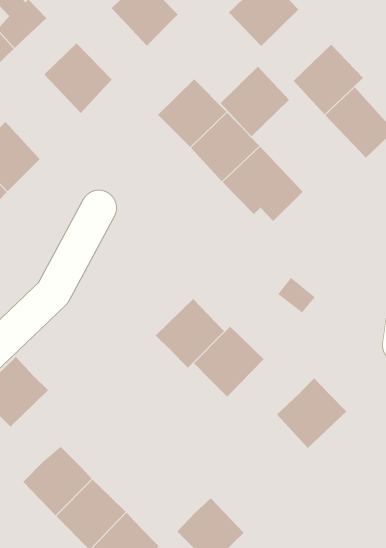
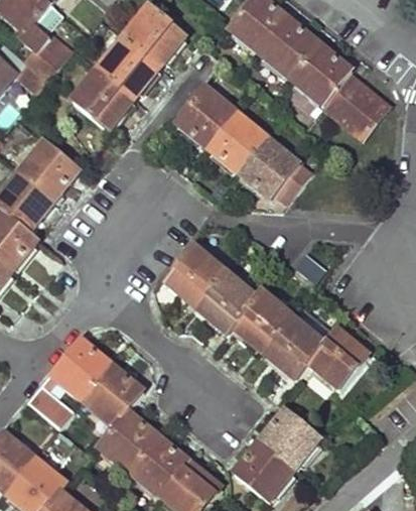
building: none -> [102,32,162,93]
building: [220,66,290,137] -> [260,16,319,78]
building: none -> [164,246,225,307]
building: none -> [263,317,323,378]
building: none -> [81,364,140,424]
building: none -> [258,410,315,468]

